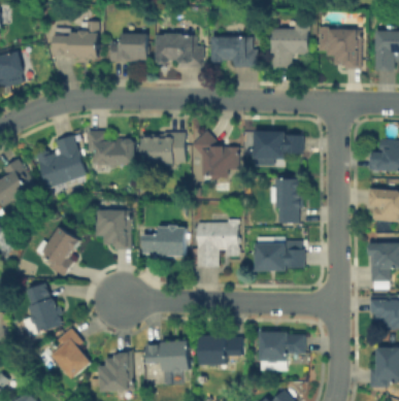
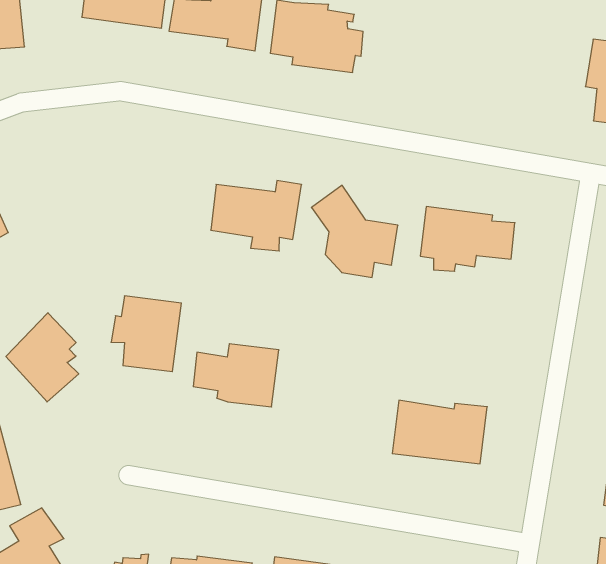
building: [270,25,310,68] -> none
building: [210,37,254,67] -> none
building: [86,131,133,168] -> none
building: [30,134,86,193] -> none
building: [276,179,302,225] -> none
building: [196,219,239,268] -> none

